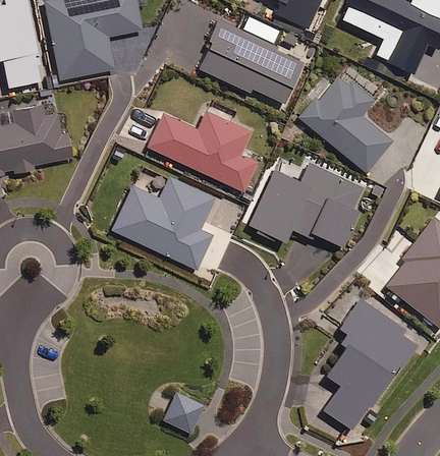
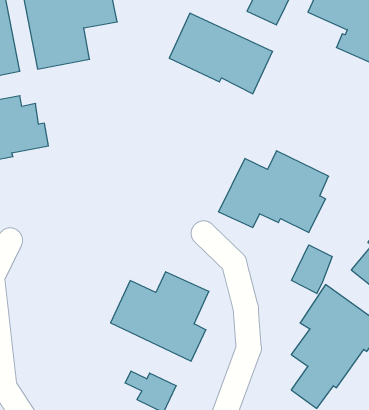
building: [299,71,392,173] -> none
building: [149,111,258,192] -> none
building: [113,177,215,270] -> [111,272,209,361]
building: none -> [291,245,332,294]

